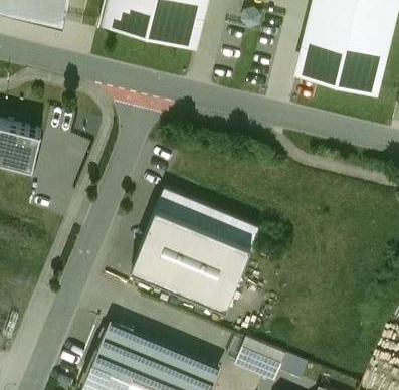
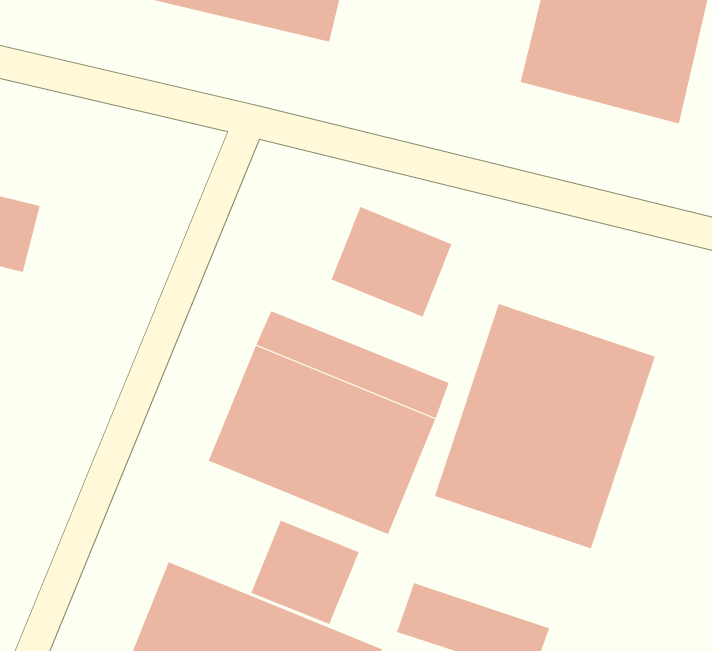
building: none -> [331,206,452,318]
building: none -> [434,303,656,549]
building: none -> [250,520,360,625]

